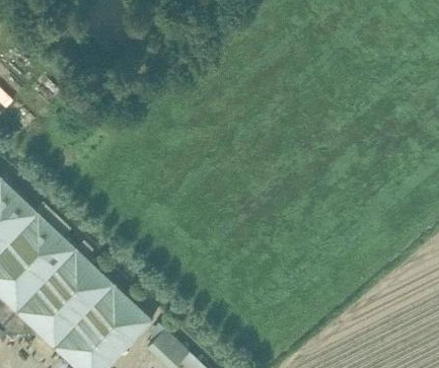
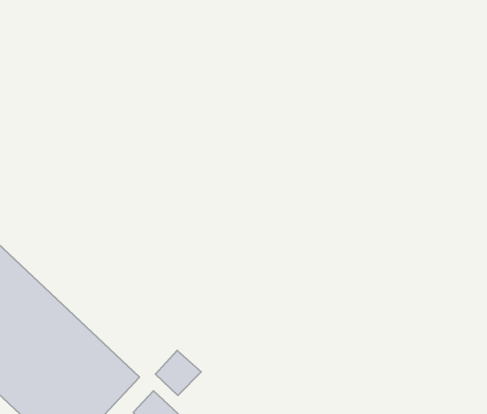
building: none -> [155,350,201,395]

